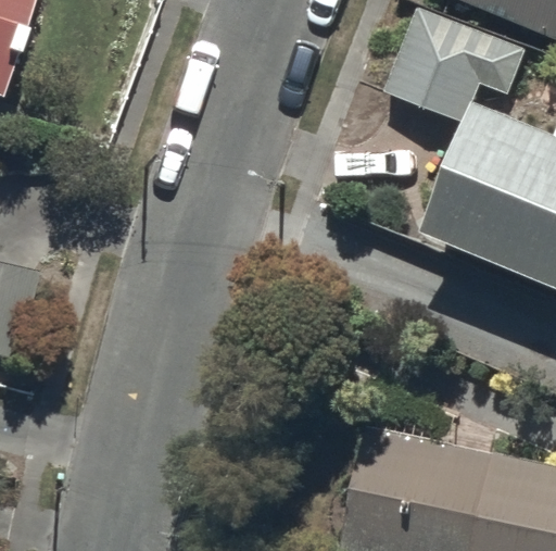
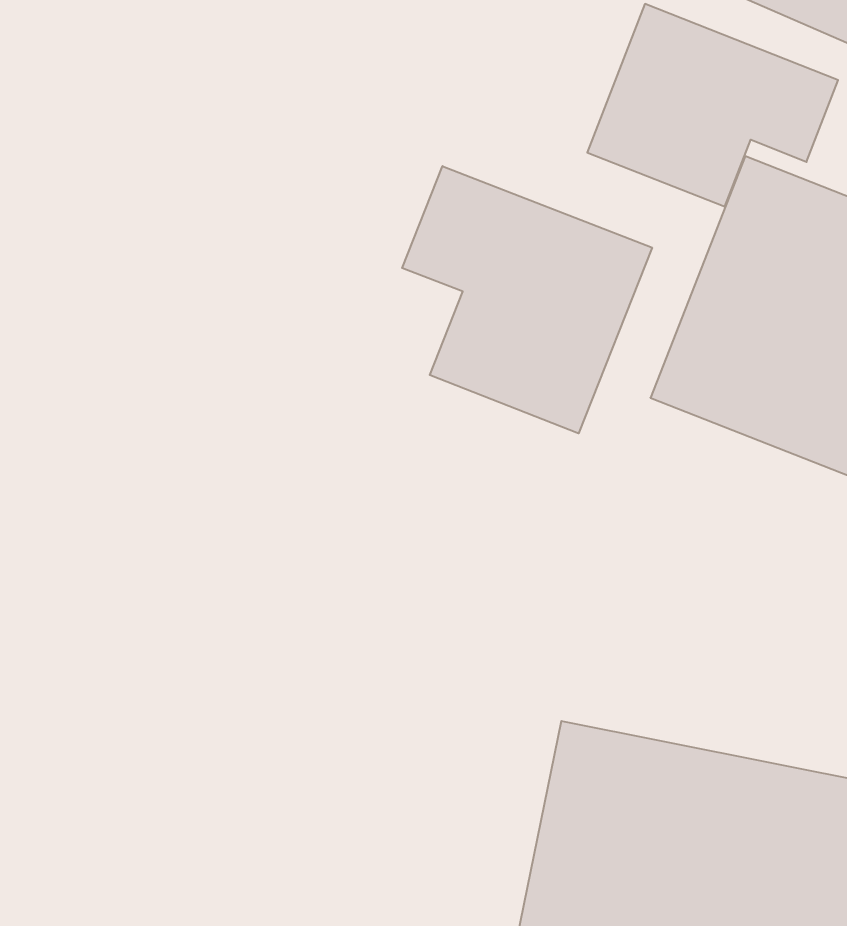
building: none -> [402,166,652,433]

